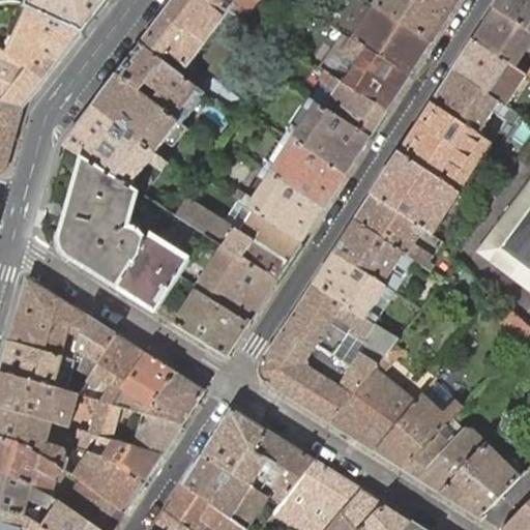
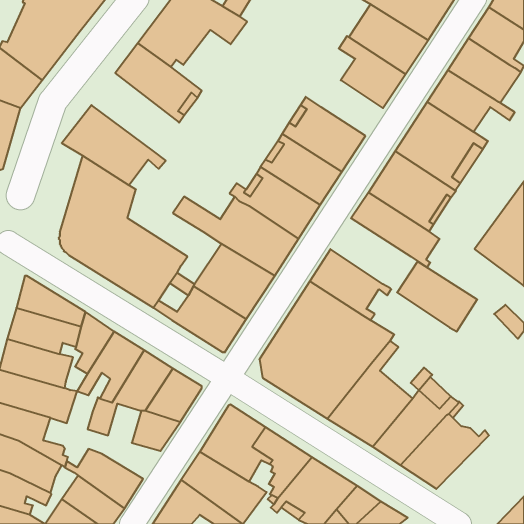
building: [317,68,385,137] -> none
building: [92,73,185,152] -> none
building: [332,219,413,290] -> [397,262,477,332]
building: [72,429,161,481] -> none
building: [439,438,520,516] -> none

